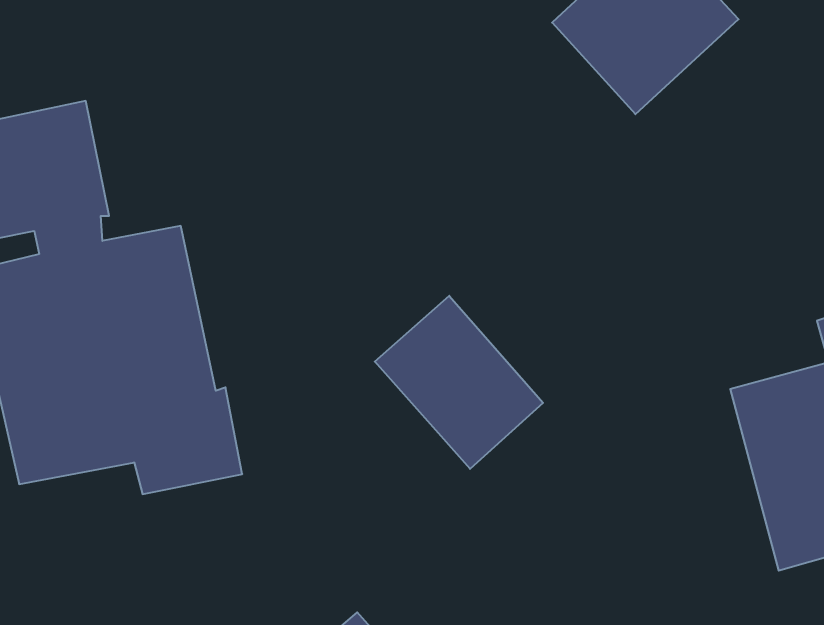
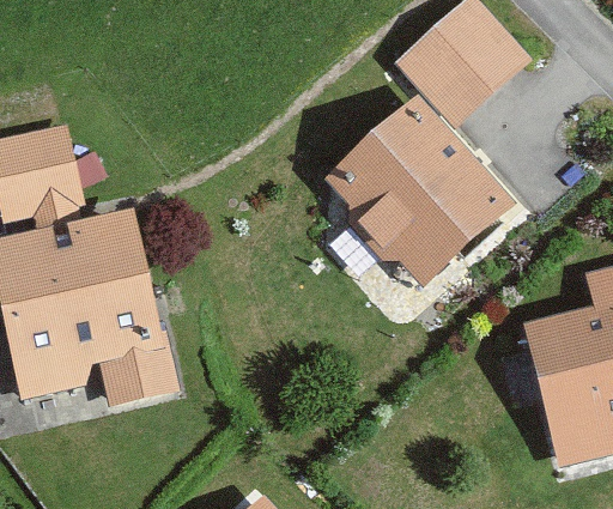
building: none -> [326,99,517,292]
building: [375,296,543,469] -> none

